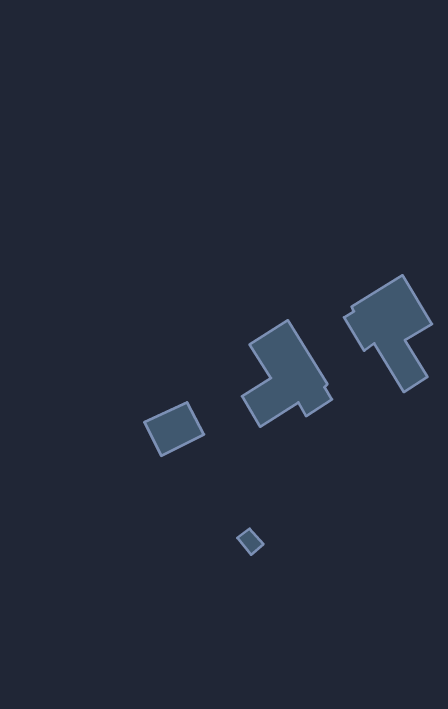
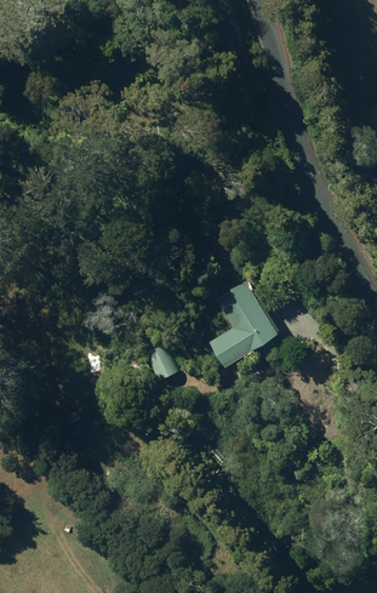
building: [344,275,432,392] -> none

